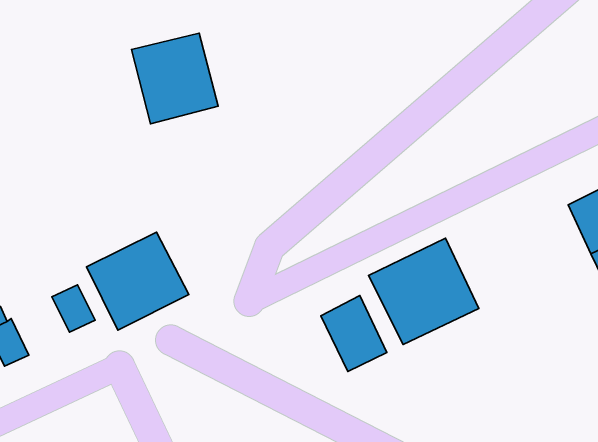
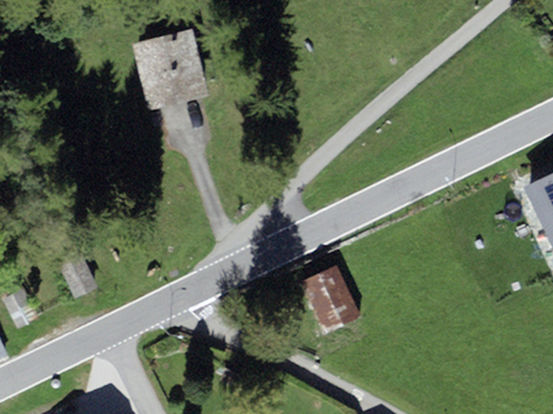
building: [87,232,189,330] -> none
building: [369,238,479,345] -> none

